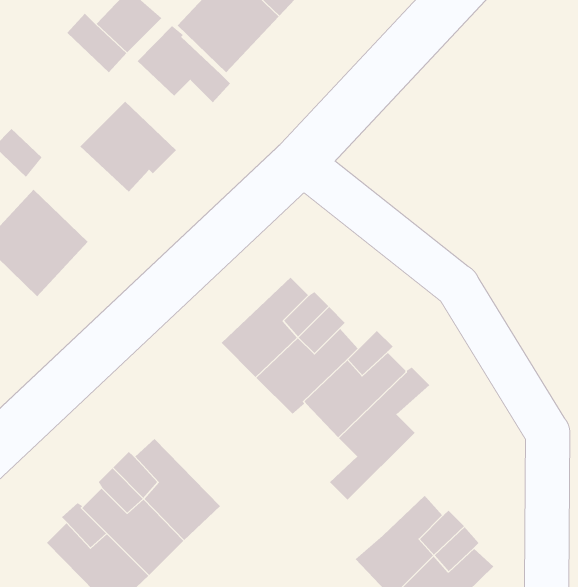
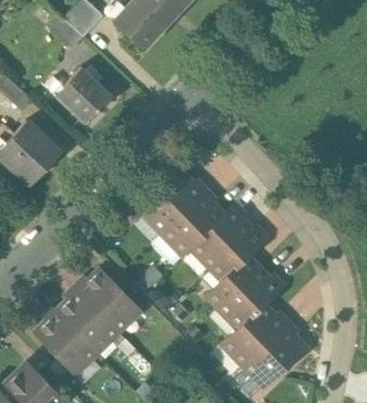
building: [137,25,231,103] -> none
building: none -> [217,268,284,330]

